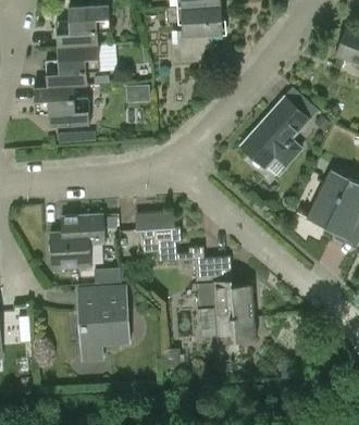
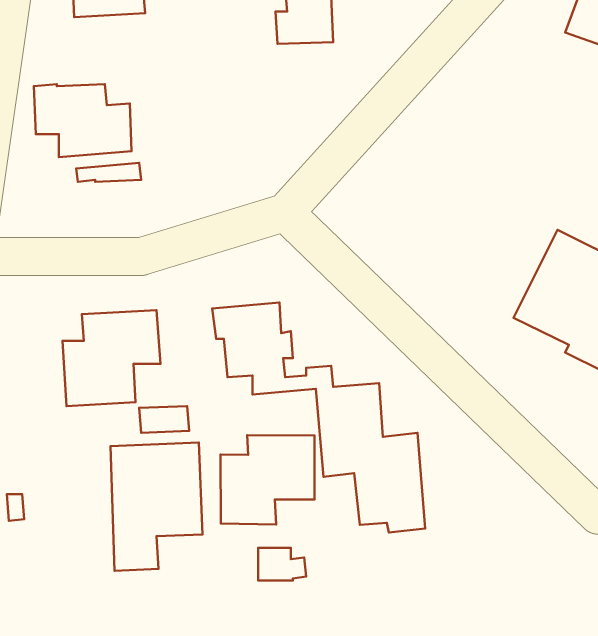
building: [45,46,99,87] -> none
building: [239,97,309,168] -> none
building: none -> [221,435,314,524]

